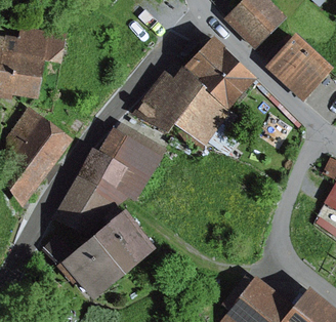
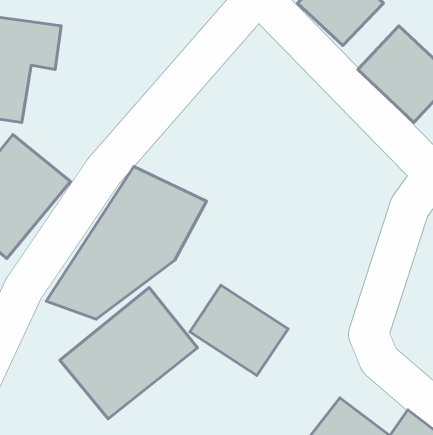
building: [136,39,255,152] -> none
building: none -> [190,285,288,376]

